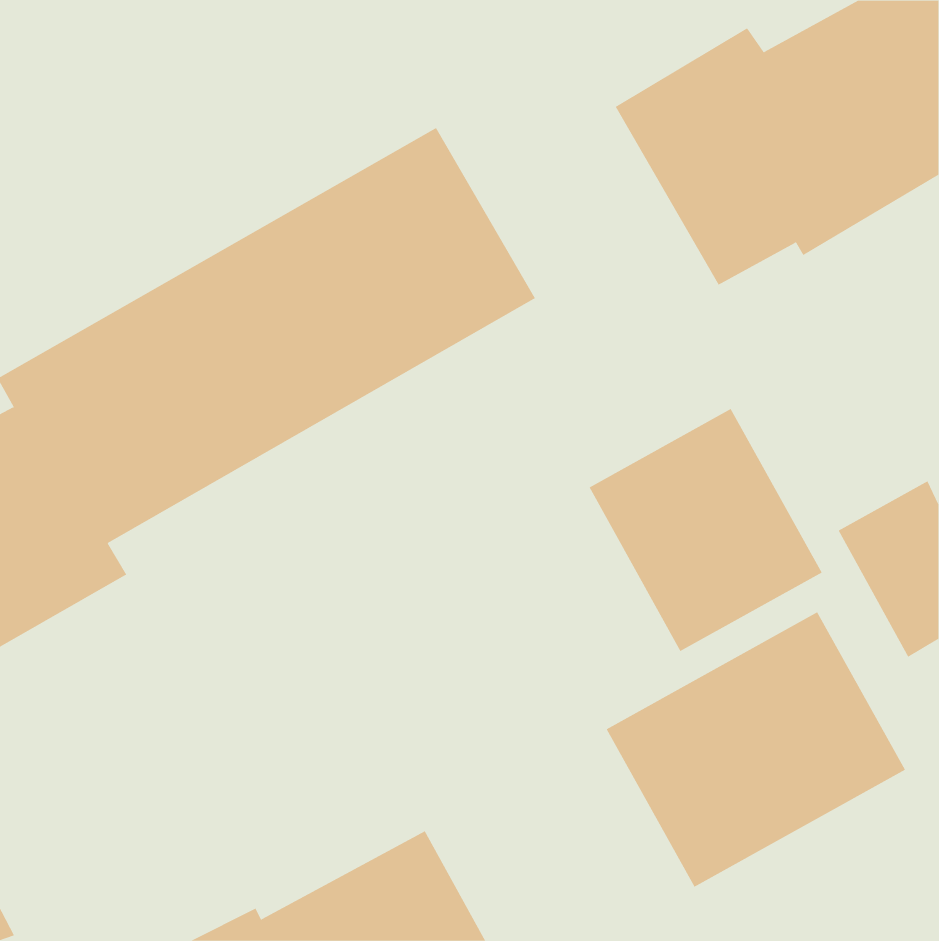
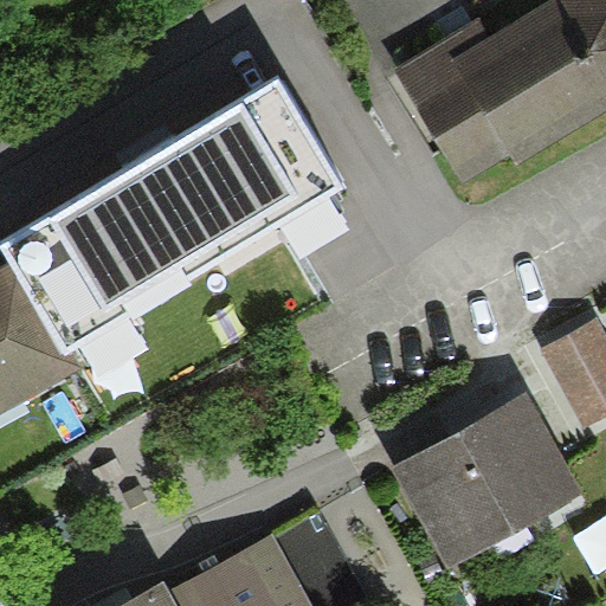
building: [589,408,823,652] -> none

